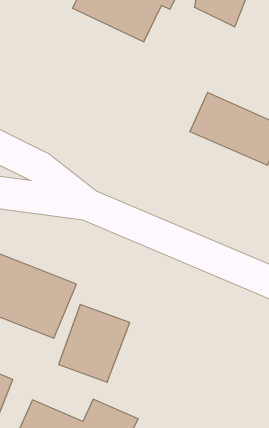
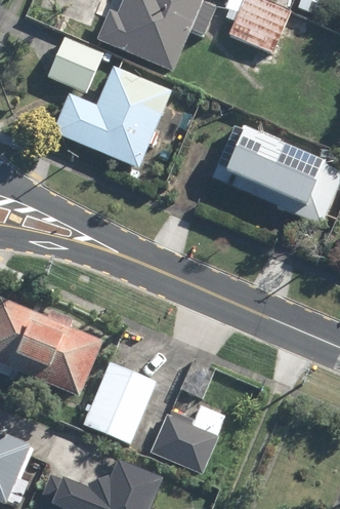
building: none -> [48,37,101,90]
building: none -> [51,67,171,168]
building: none -> [150,405,226,475]

